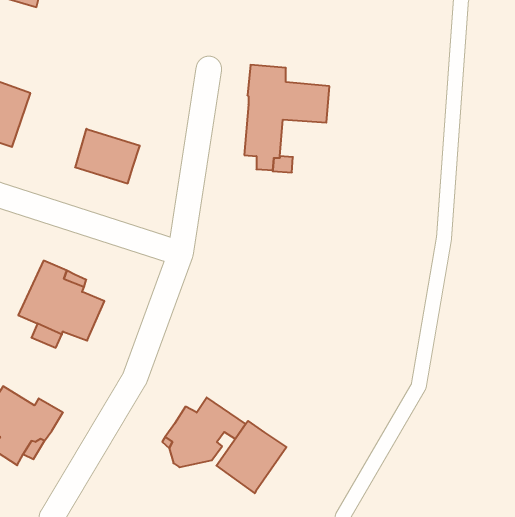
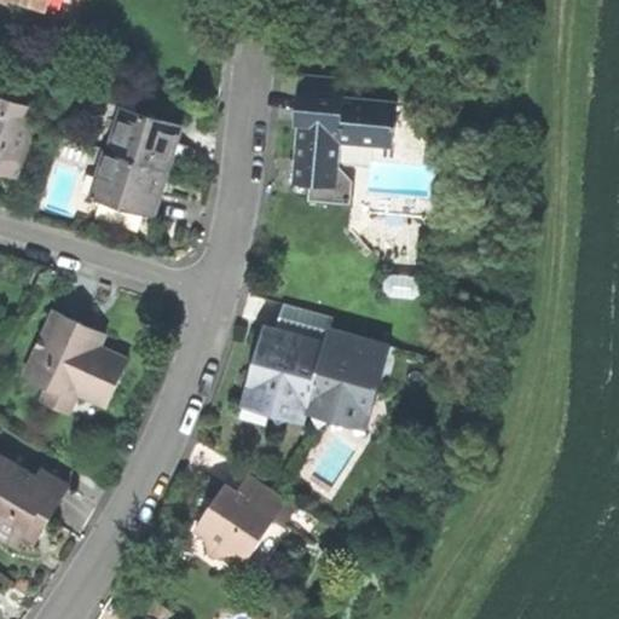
building: none -> [105,109,181,174]
building: none -> [244,305,386,424]
building: [216,421,286,493] -> none

